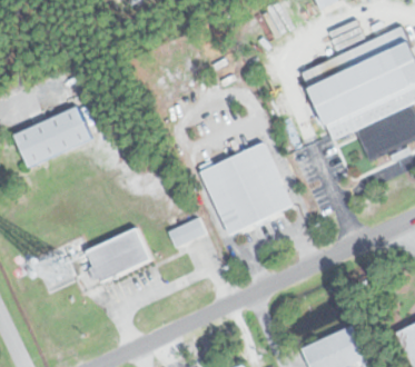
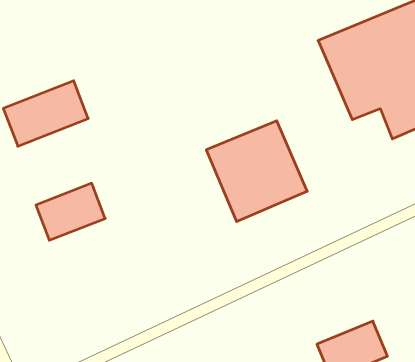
building: [167,217,205,248] -> none
building: [86,229,149,281] -> [36,183,105,240]

